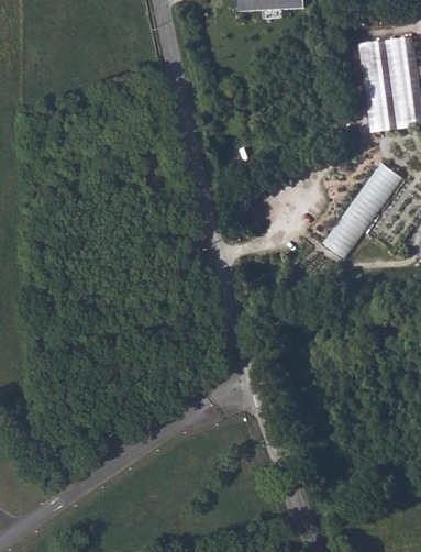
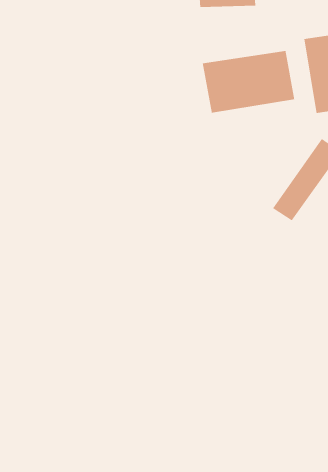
building: none -> [202,50,295,114]

